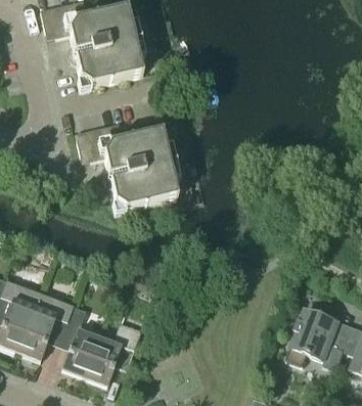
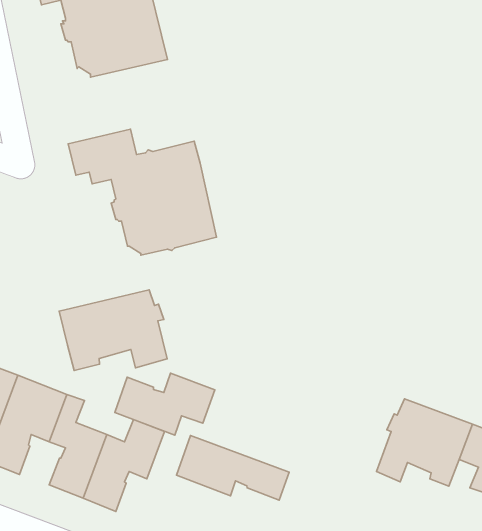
building: none -> [59,290,167,370]
building: none -> [115,373,215,435]
building: none -> [176,435,289,500]

